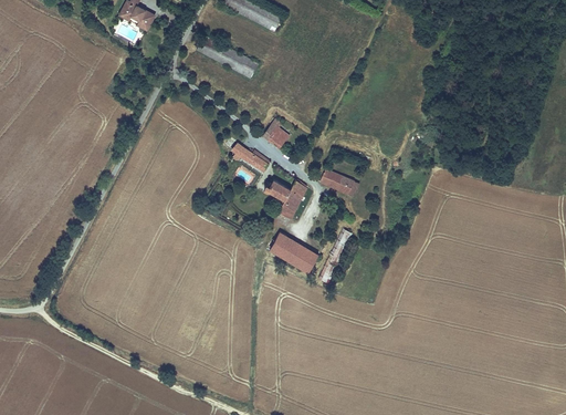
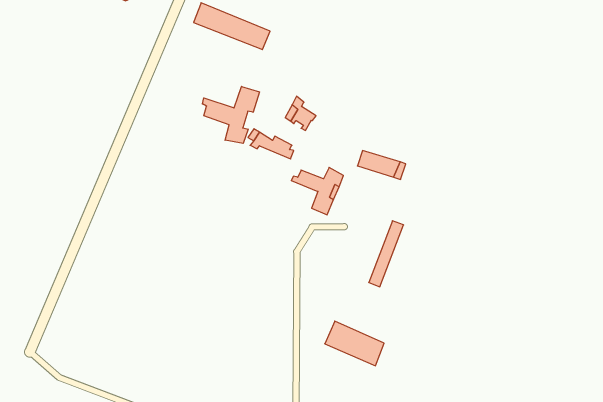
building: none -> [202,86,259,143]
building: [270,232,318,272] -> [325,321,384,366]

